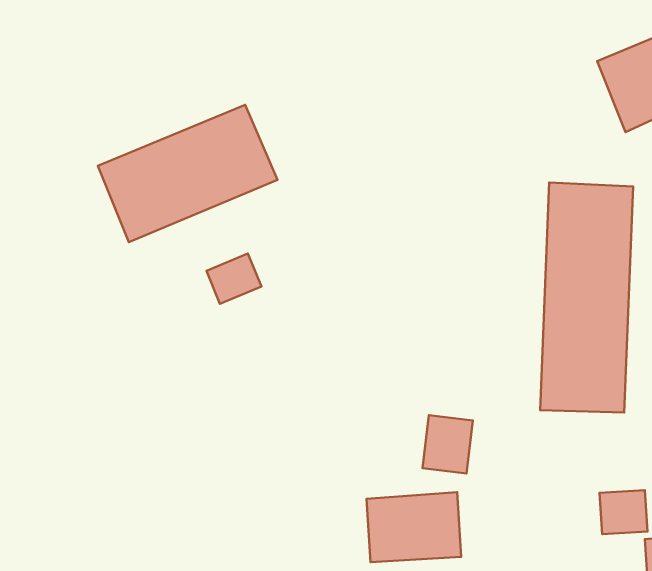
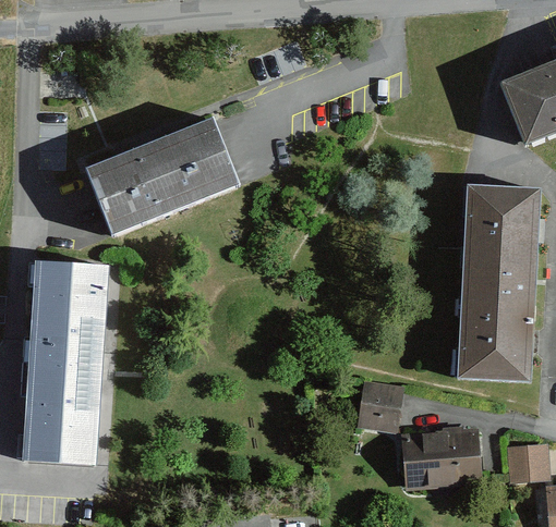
building: [206,254,261,304] -> none
building: none -> [23,264,106,458]
building: [367,492,461,562] -> [401,428,481,487]

